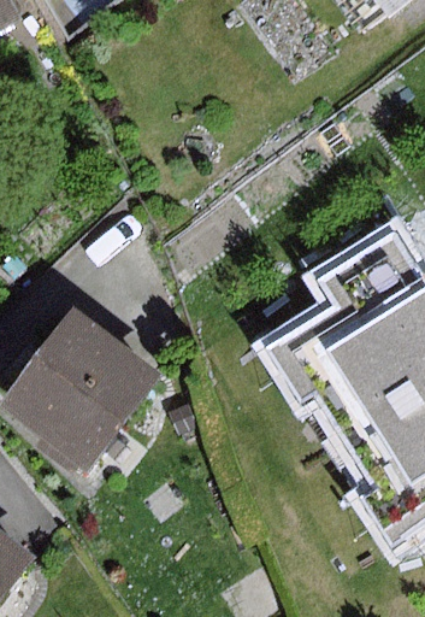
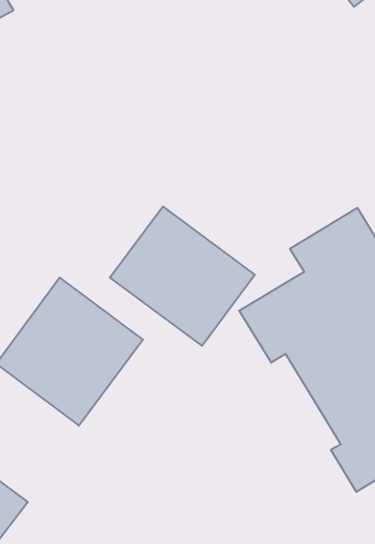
building: none -> [110,206,255,346]

